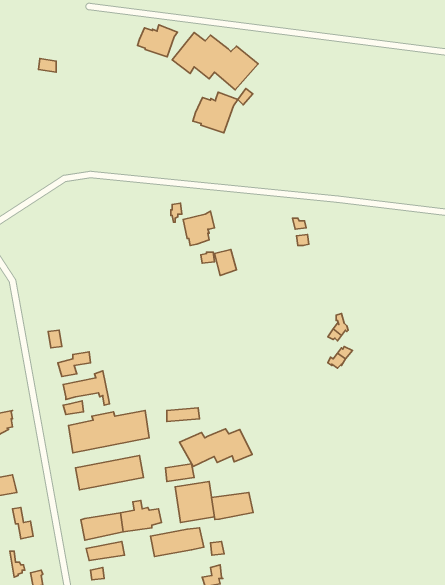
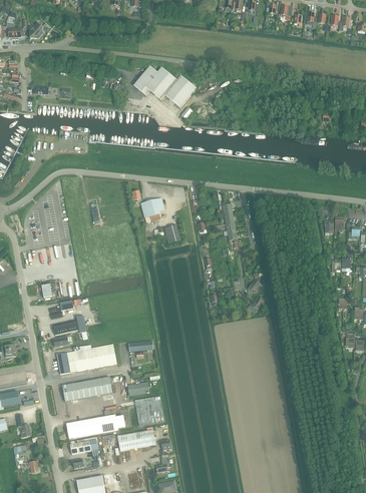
building: [138,25,178,57] -> none
building: [193,92,238,133] -> none
building: [180,429,252,466] -> none
building: [212,492,253,519] -> none

